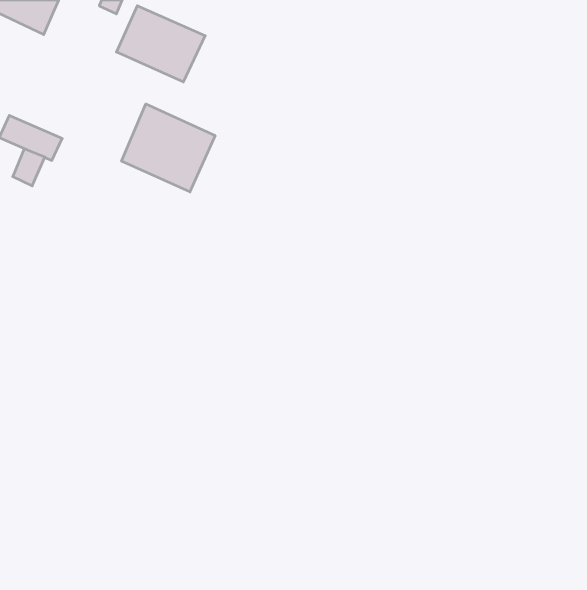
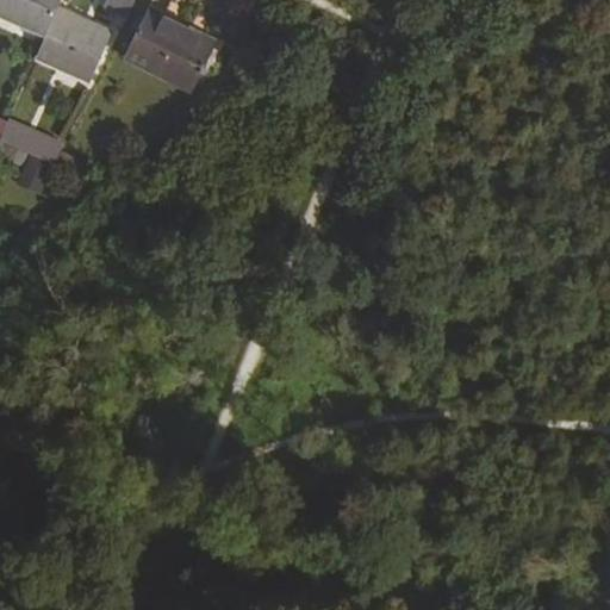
building: none -> [36,11,111,81]
building: [122,104,215,192] -> none

